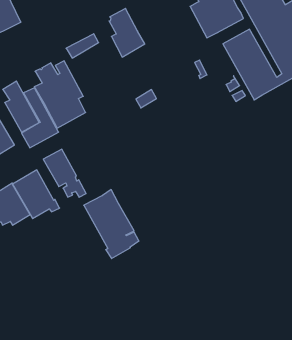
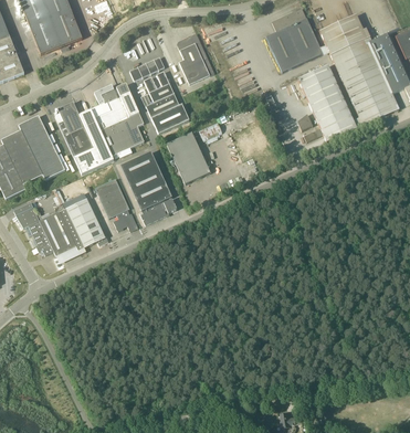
building: none -> [141,71,189,134]
building: none -> [167,131,210,183]
building: [84,190,139,259] -> [120,150,177,224]

